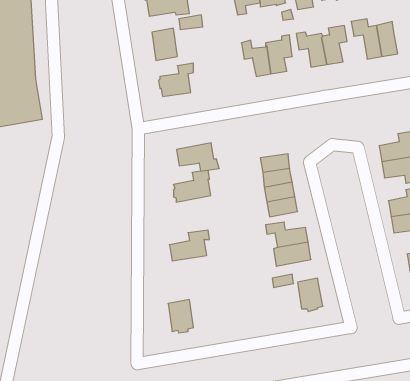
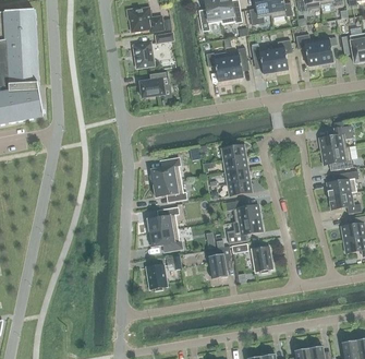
building: [177,143,219,171] -> [153,178,187,201]
building: none -> [149,227,182,250]
building: none -> [208,246,231,278]

